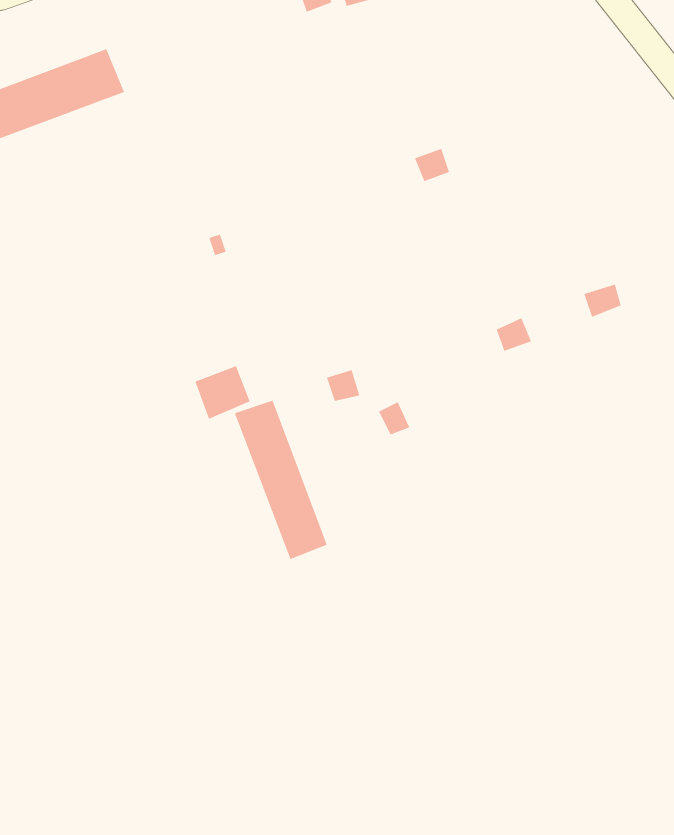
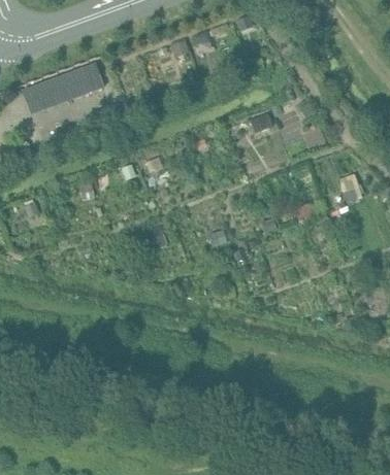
building: [234,400,328,560] -> none

